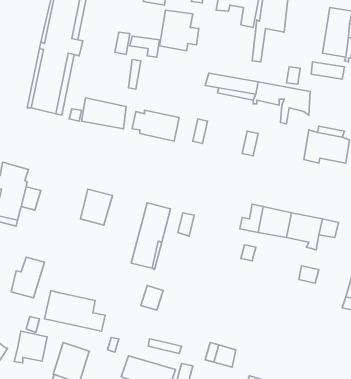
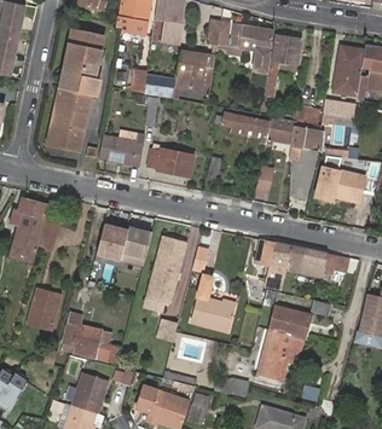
building: none -> [290,145,317,193]
building: none -> [121,227,152,265]
building: none -> [191,280,238,337]
building: none -> [259,306,313,378]
building: [14,331,47,363] -> none

